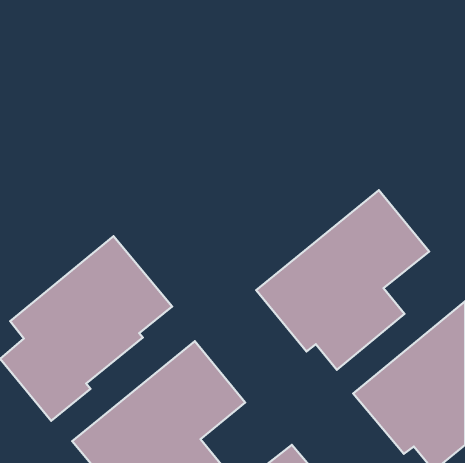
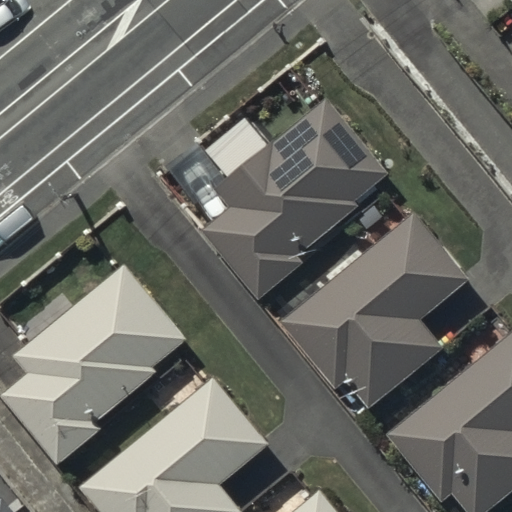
building: none -> [201,96,390,299]

